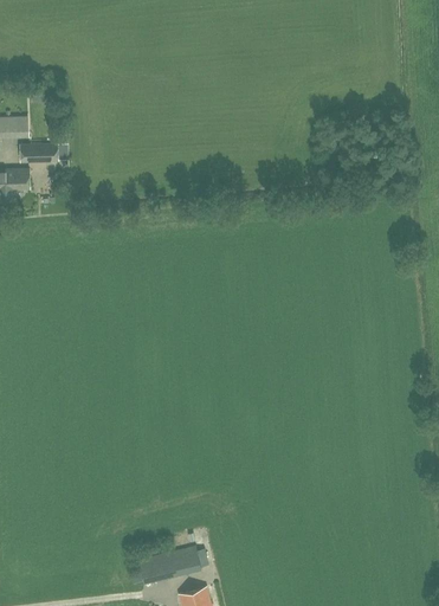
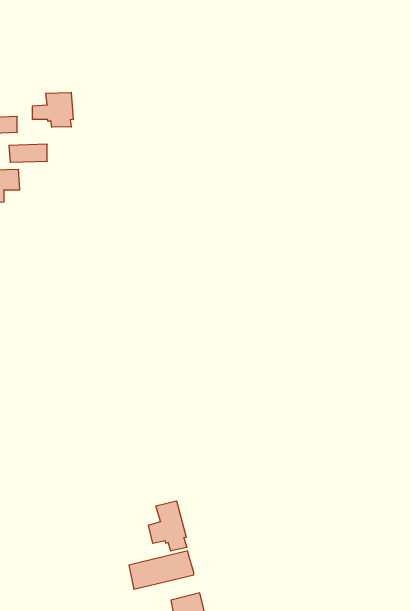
building: none -> [32,92,73,127]
building: none -> [149,501,187,551]

